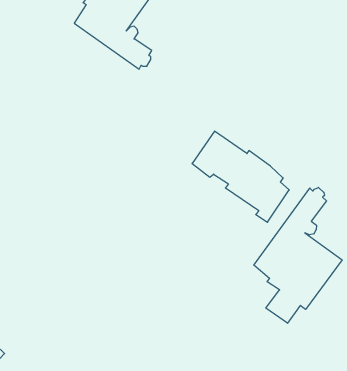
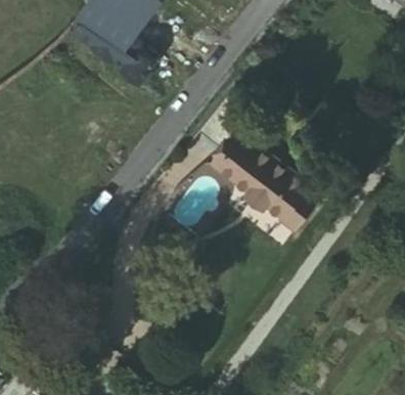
building: [254,187,342,323] -> none

